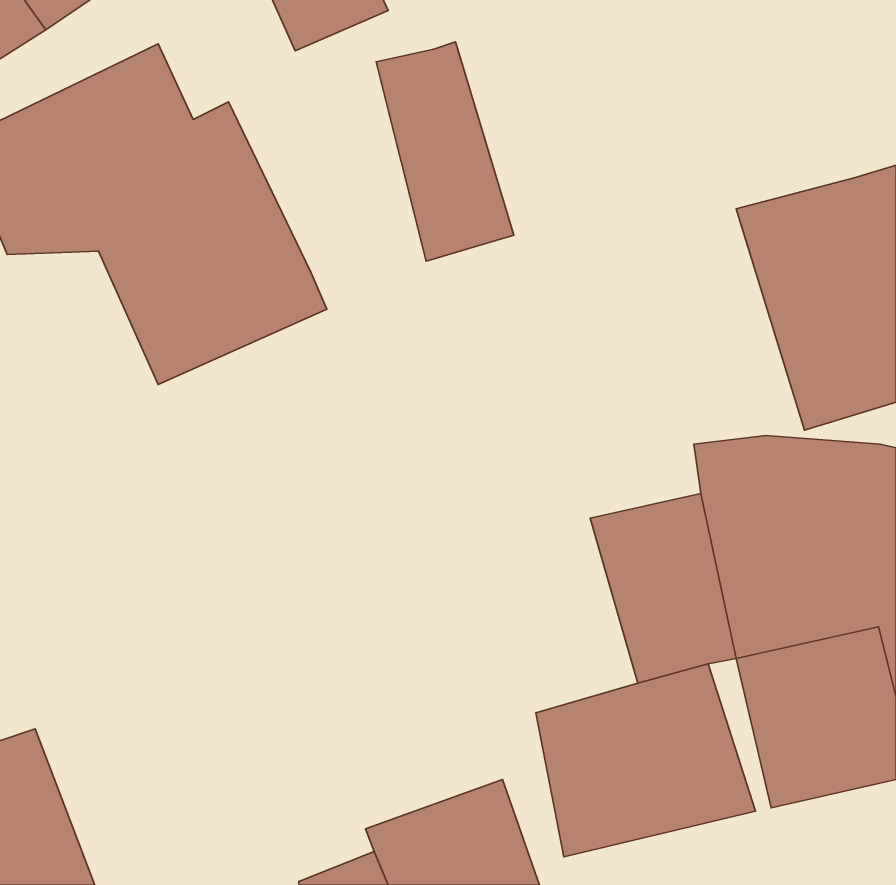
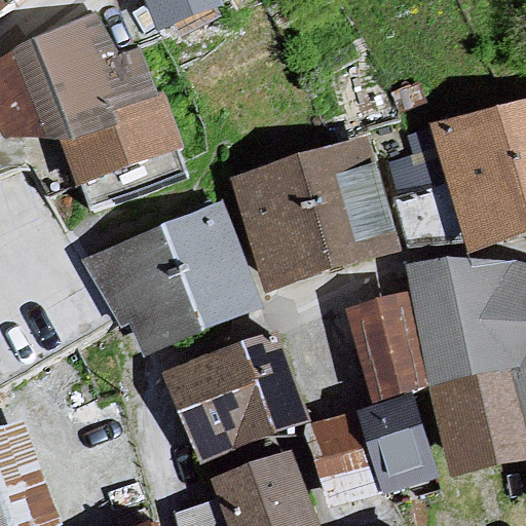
building: [376,42,514,261] -> none
building: none -> [230,132,403,291]
building: none -> [88,206,267,374]
building: none -> [164,325,313,458]

